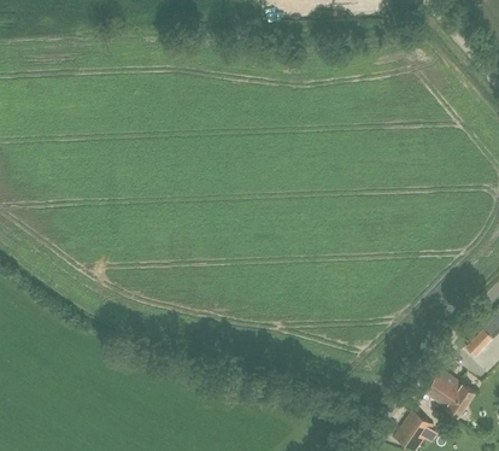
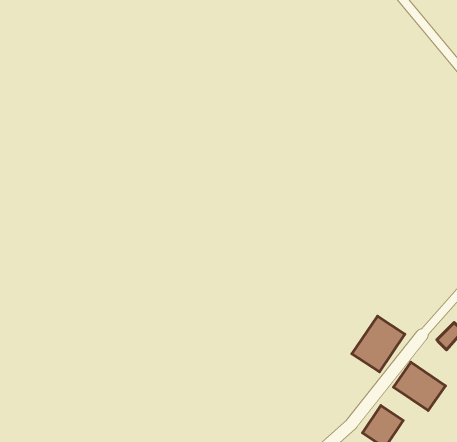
building: none -> [352,316,405,372]

